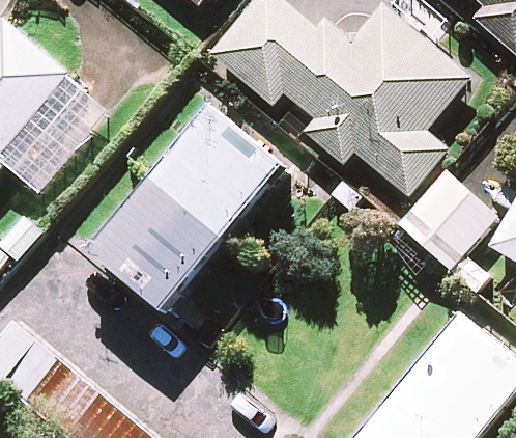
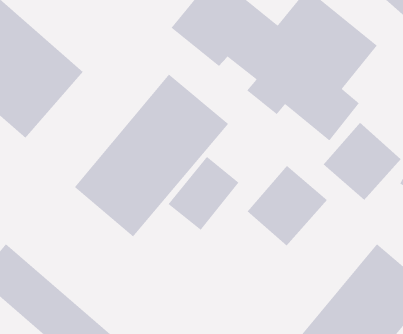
building: none -> [167,156,240,231]
building: none -> [247,165,328,247]

